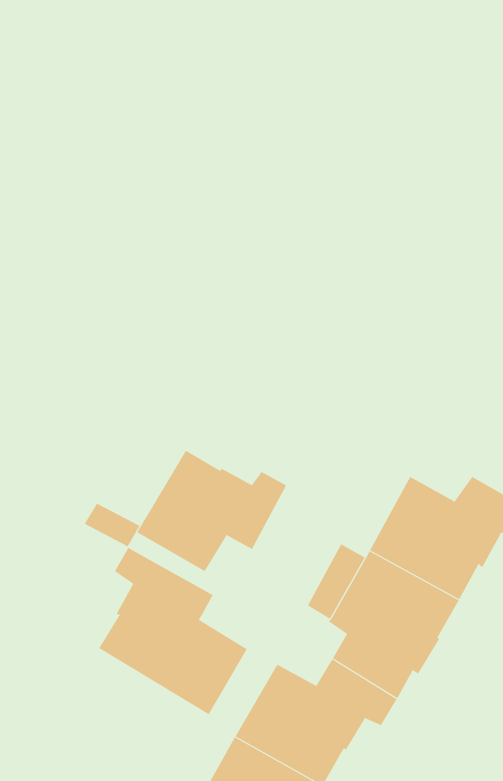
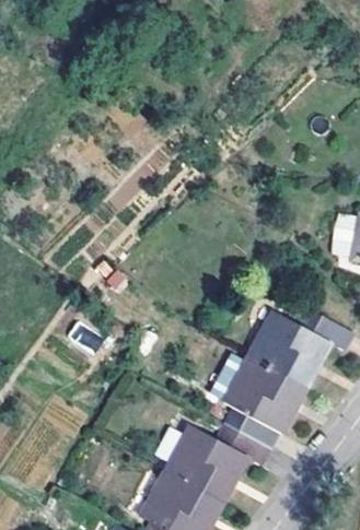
building: [137,450,287,572] -> none
building: [99,547,248,715] -> none

